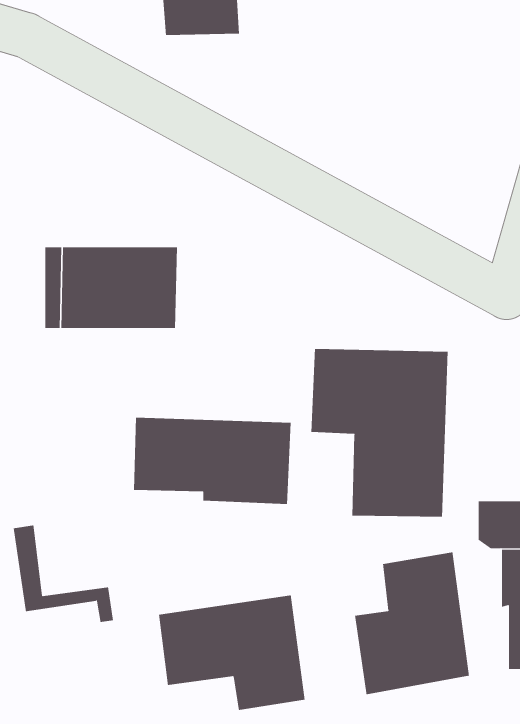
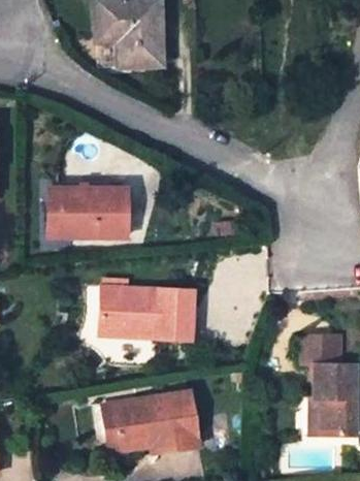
building: [311,348,448,517] -> none
building: [13,525,114,622] -> [103,403,162,459]
building: [354,552,470,695] -> none

